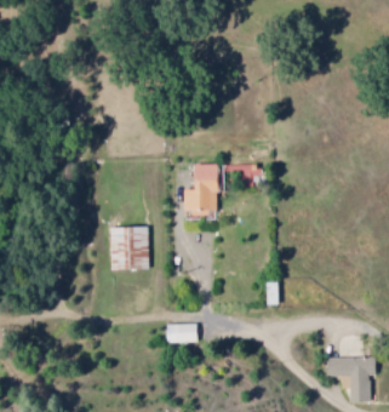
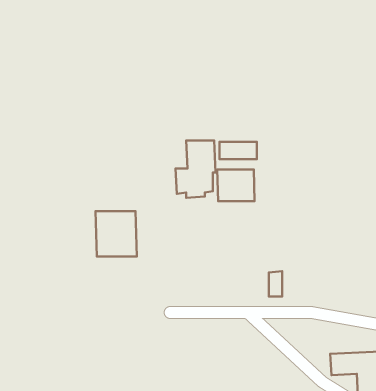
building: none -> [217,169,255,201]
building: [166,325,196,343] -> none

